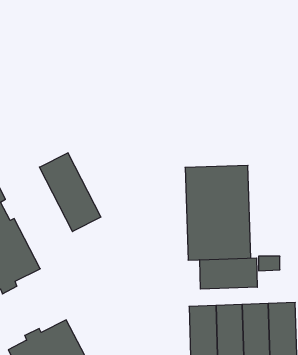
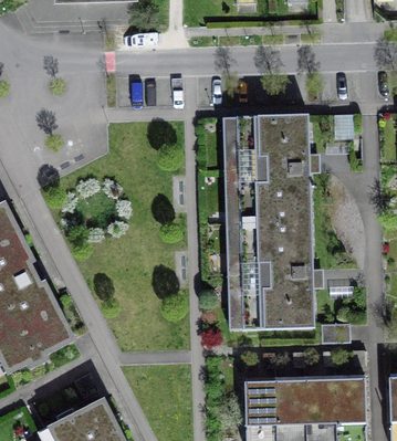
building: none -> [234,114,310,222]
building: [39,153,101,232] -> none
building: [200,258,257,289] -> none

